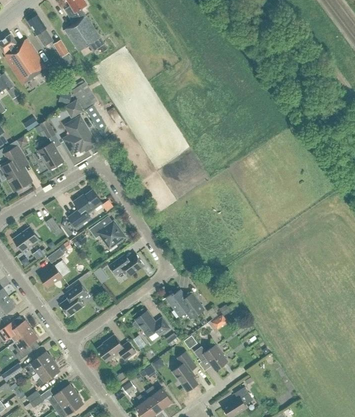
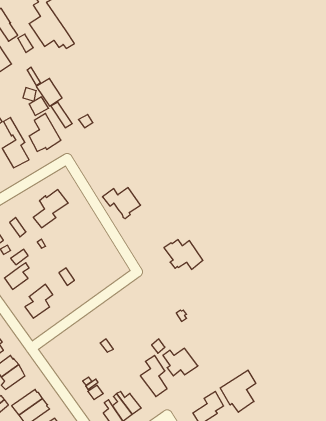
building: [89,220,126,250] -> [102,188,141,219]
building: [109,253,144,276] -> none
building: [166,289,204,318] -> [164,240,203,269]
building: [132,310,170,336] -> none
building: [97,335,136,361] -> none
building: none -> [220,370,256,412]

